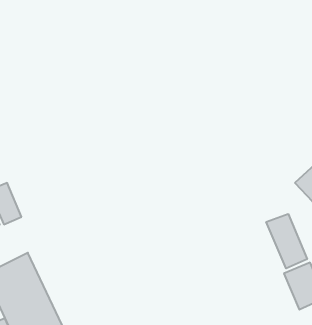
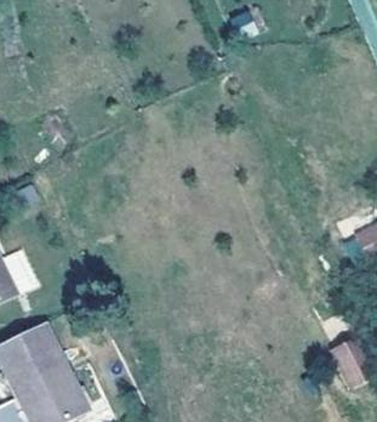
building: [266,214,307,268] -> none

